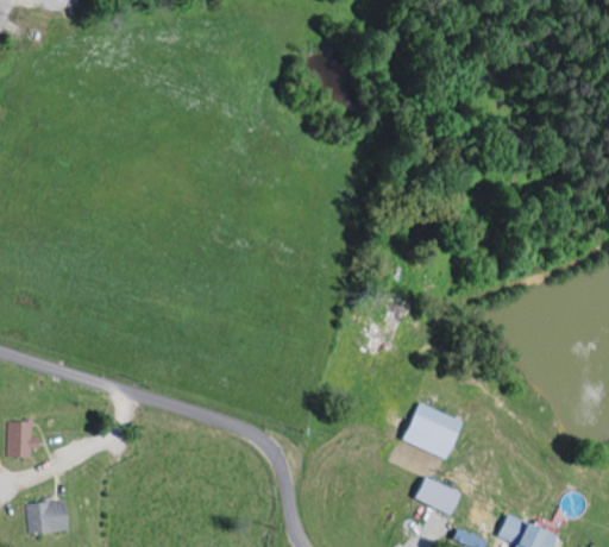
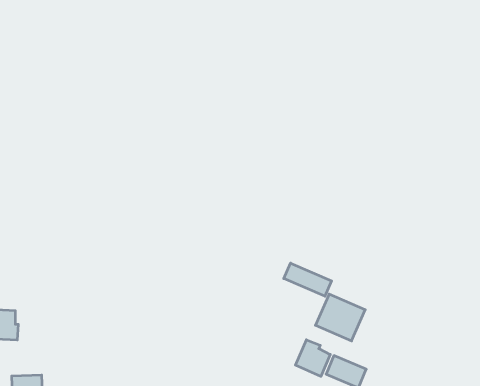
building: none -> [284,263,332,296]
building: none -> [295,340,330,376]

